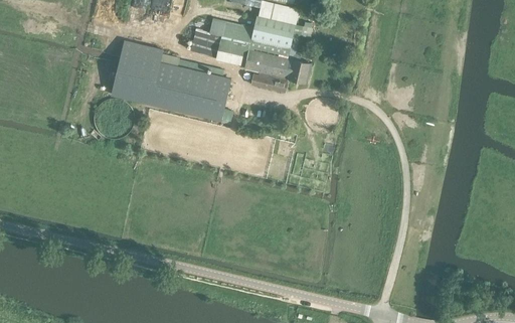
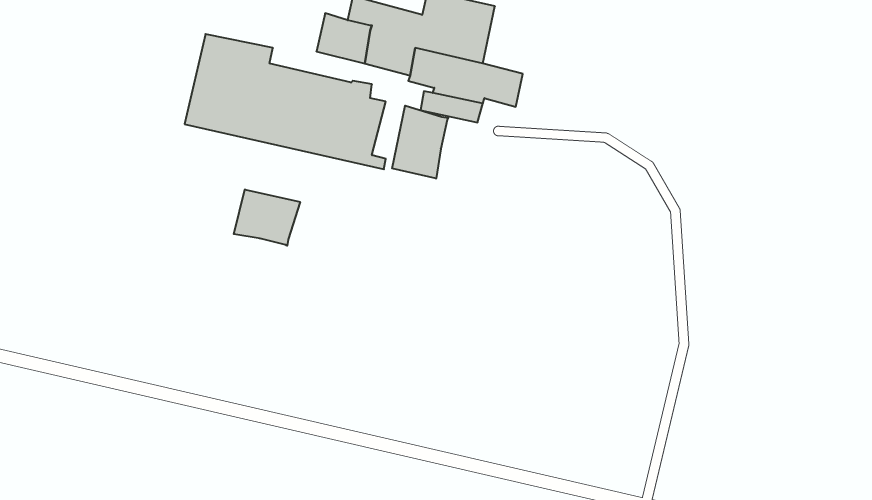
building: none -> [392,106,448,179]
building: none -> [234,189,300,246]

